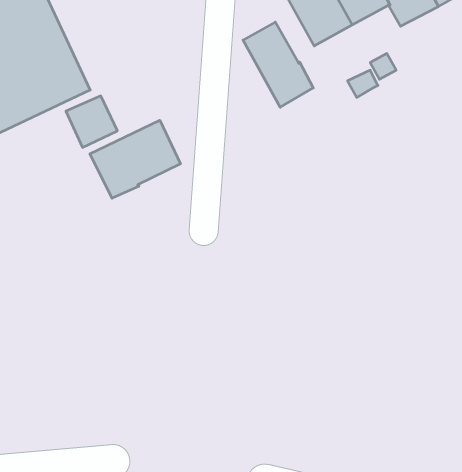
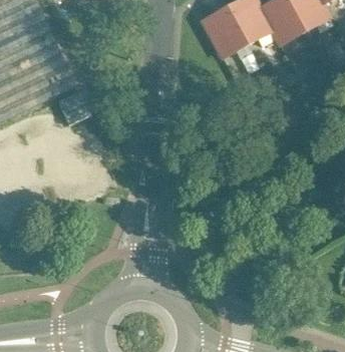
building: [243,22,313,107] -> none
building: [90,120,180,198] -> none

